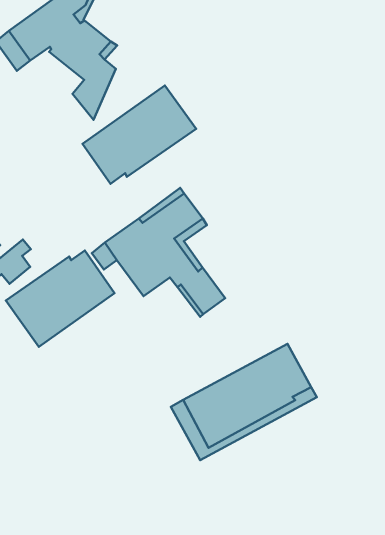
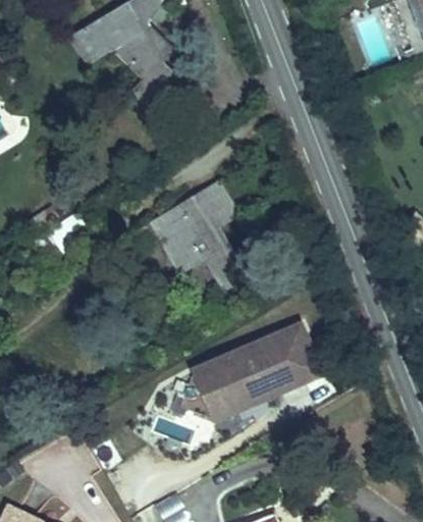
building: [82,85,196,184] -> none
building: [6,250,114,347] -> none

